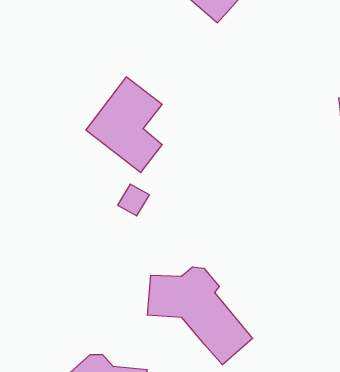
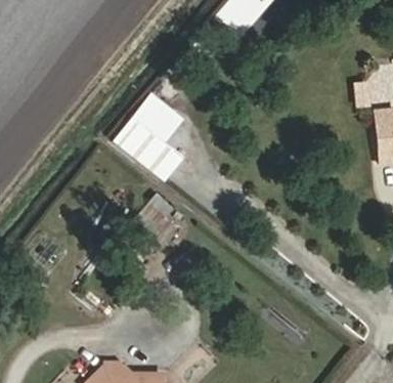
building: [147,267,253,365] -> none

